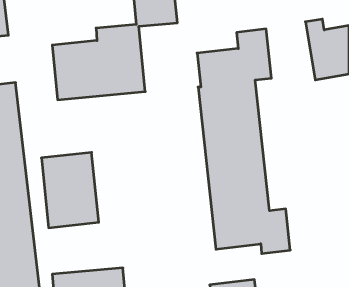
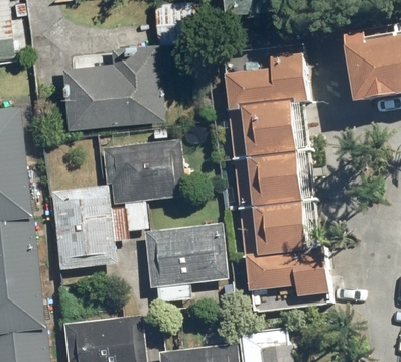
building: none -> [101,139,187,206]
building: none -> [144,223,229,287]

